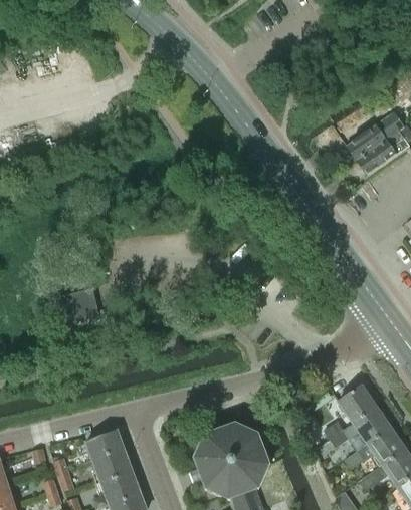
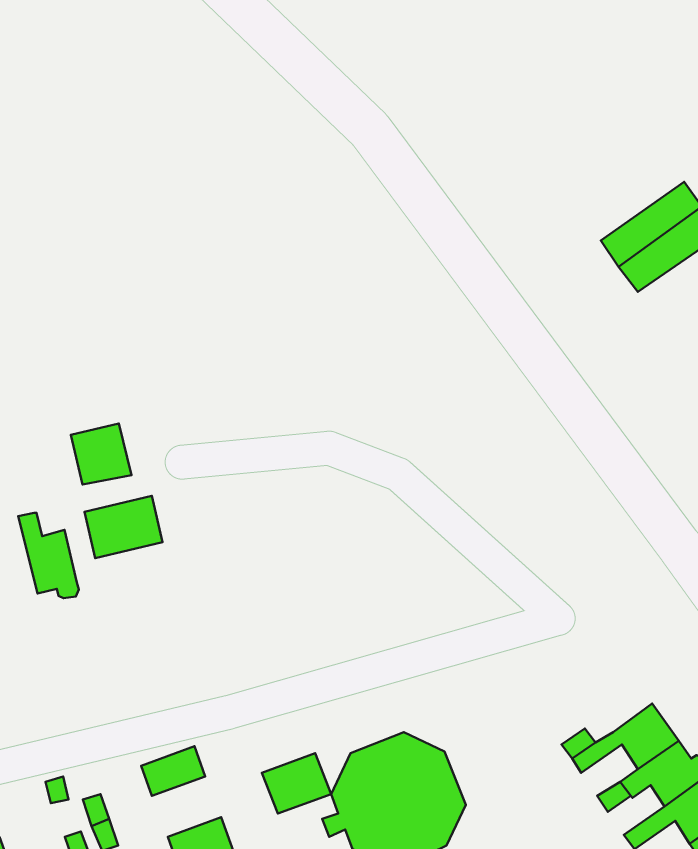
building: none -> [71,423,132,485]
building: none -> [18,513,79,598]
building: [339,385,376,423] -> none
building: [92,448,132,482] -> [262,753,331,814]

